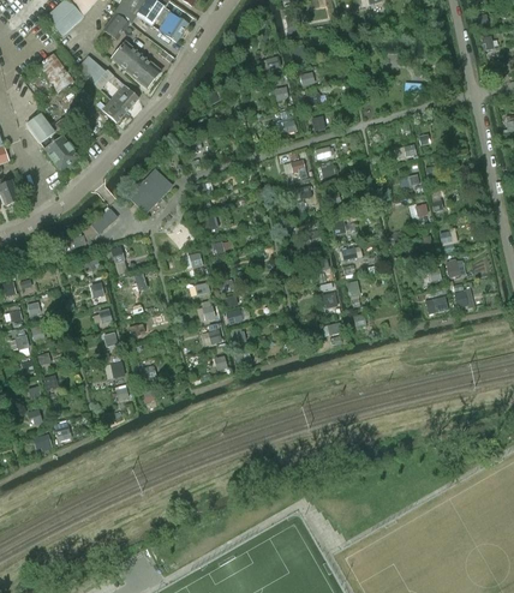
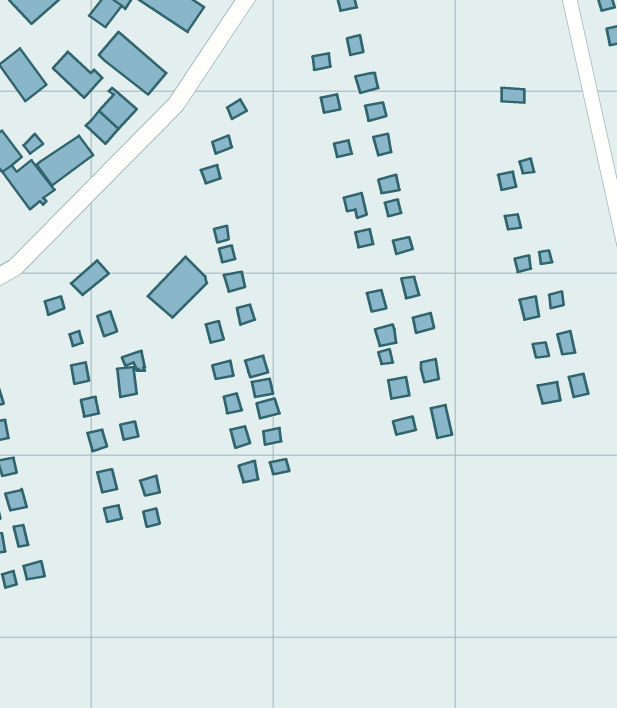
building: none -> [37,136,93,186]
building: [126,168,169,212] -> [148,257,207,318]

